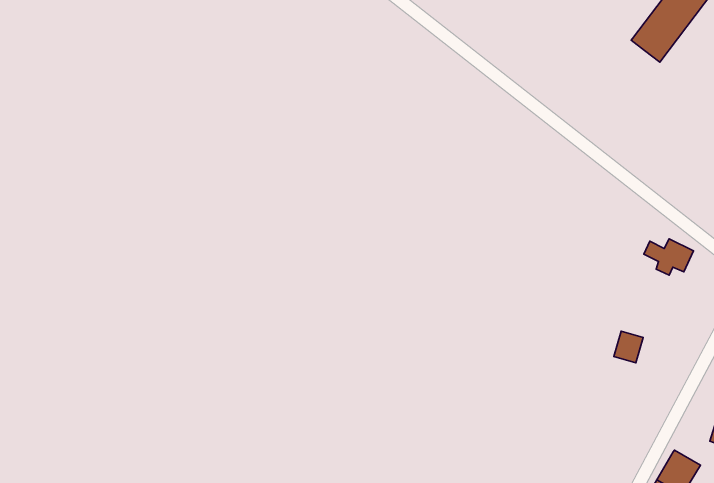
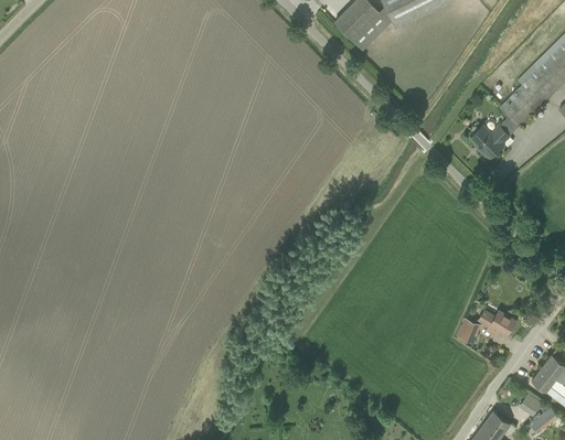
building: none -> [470,125,510,159]
building: [644,239,693,275] -> [479,310,515,336]

